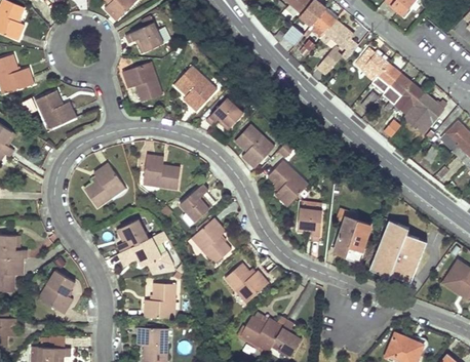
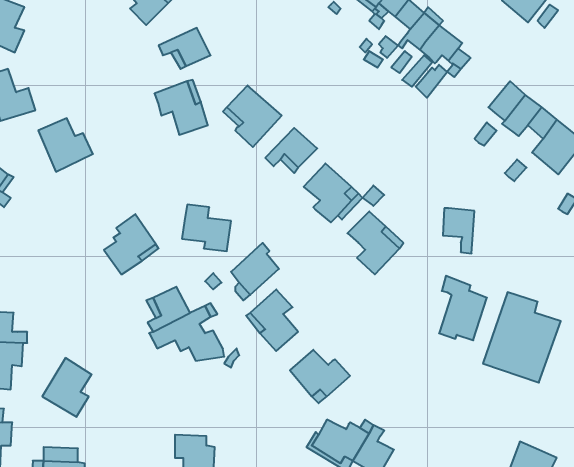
building: [356,47,389,81] -> none
building: [299,208,322,242] -> [443,208,474,253]
building: [144,280,177,316] -> none

